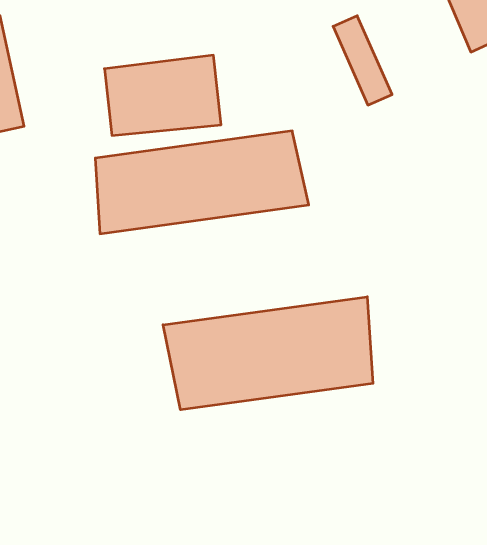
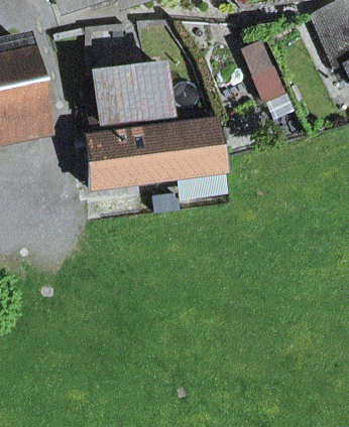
building: [163,297,373,410] -> none

